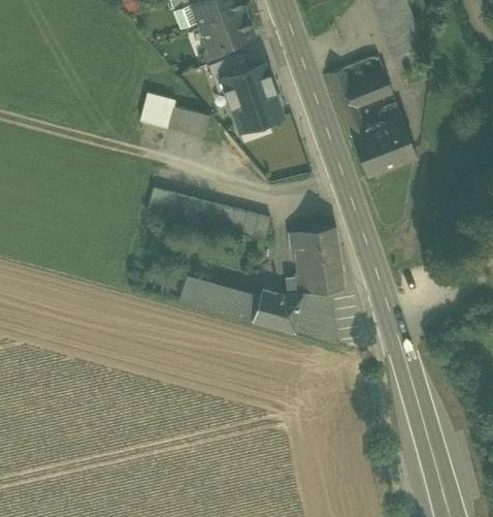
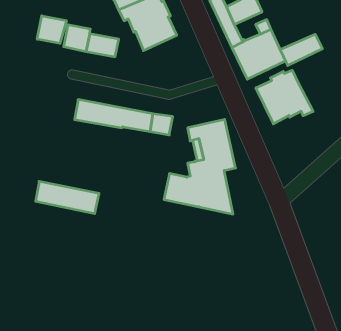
building: none -> [37,16,66,43]
building: none -> [280,34,322,66]
building: none -> [256,70,313,124]
building: [178,274,259,320] -> [36,181,99,214]

